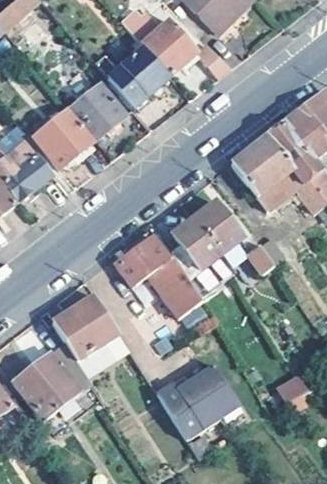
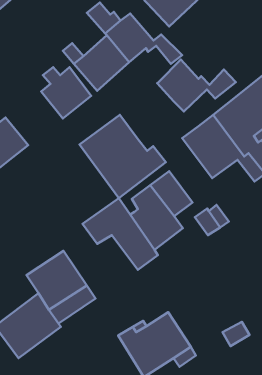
building: none -> [157,59,236,112]
building: [33,110,92,168] -> none
building: none -> [80,115,166,198]

